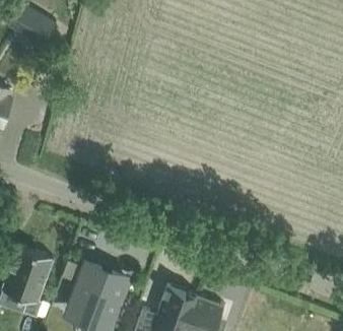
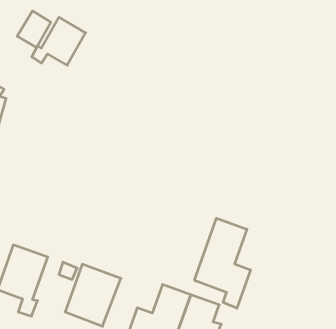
building: none -> [32,17,86,65]
building: none -> [195,218,251,308]

